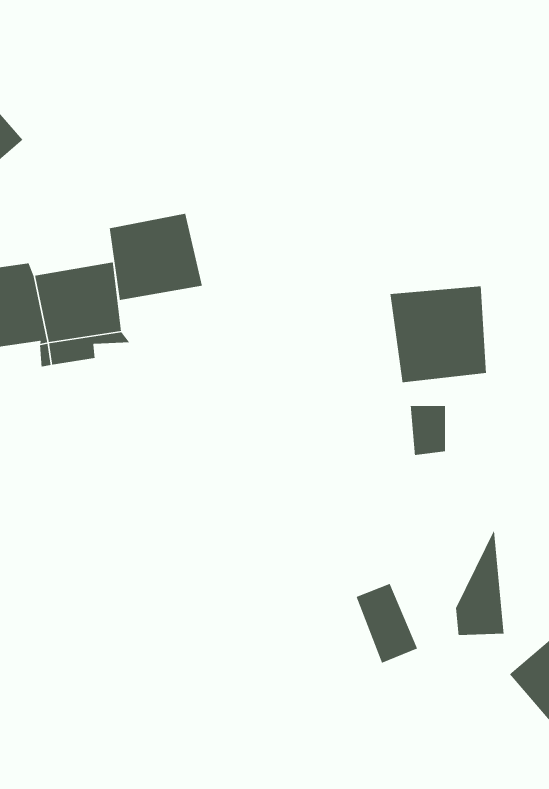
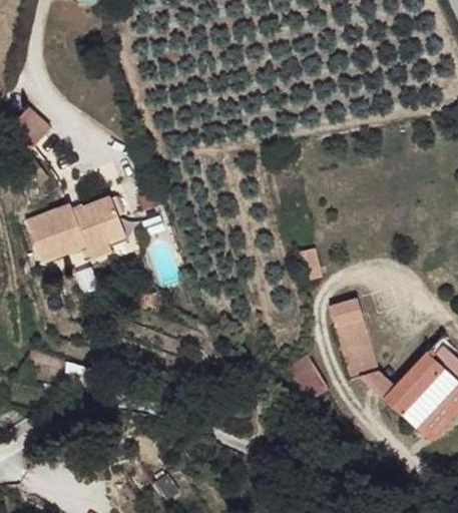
building: [109,213,203,301] -> none
building: [389,285,487,383] -> none
building: none -> [335,302,363,367]

